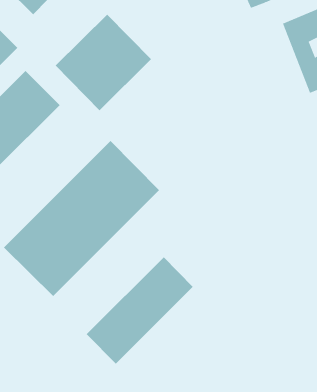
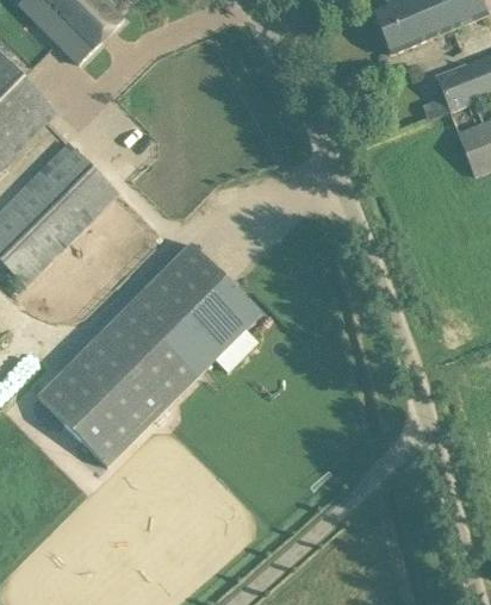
building: [55,14,152,111] -> none
building: [86,256,194,364] -> none

